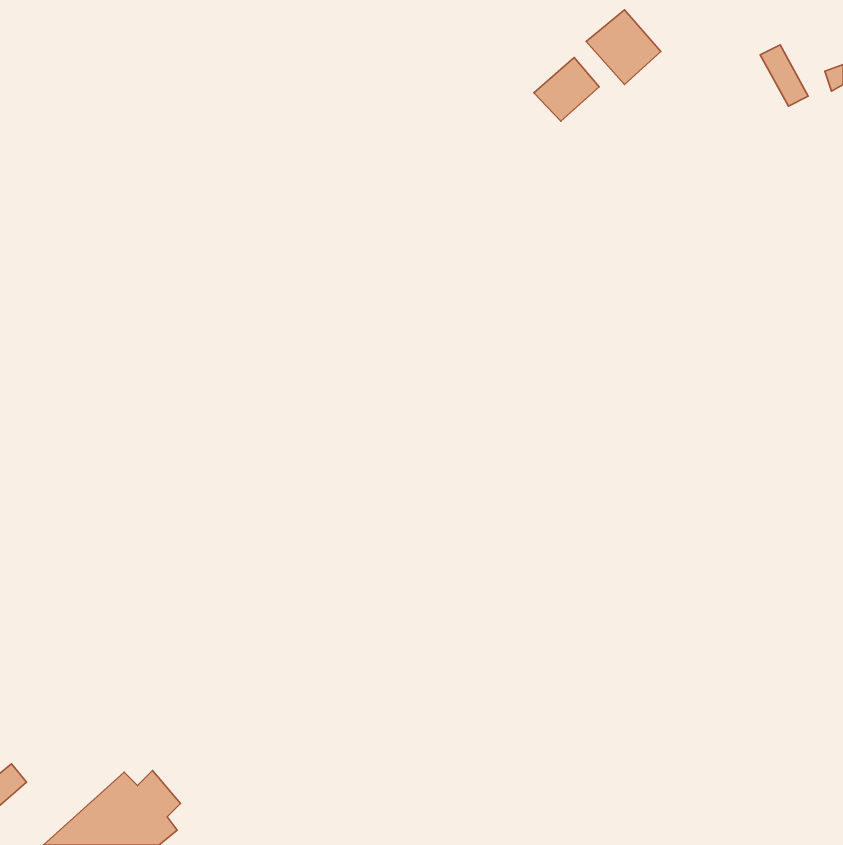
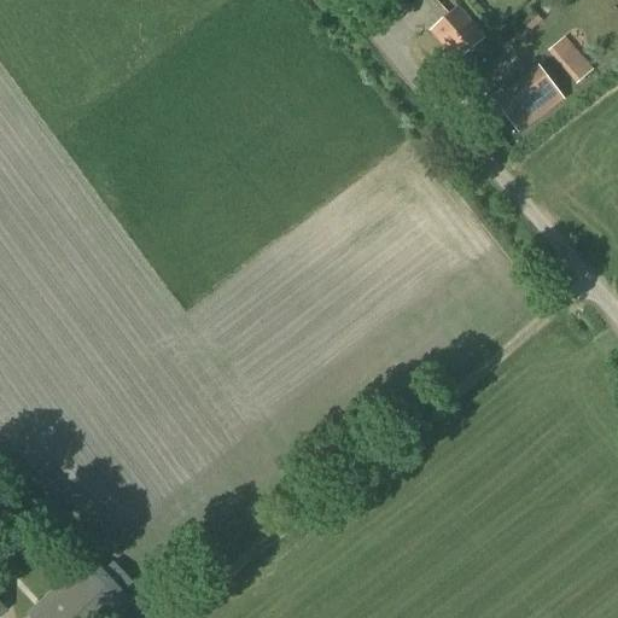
building: [534,57,599,121] -> none
building: none -> [492,68,560,133]

